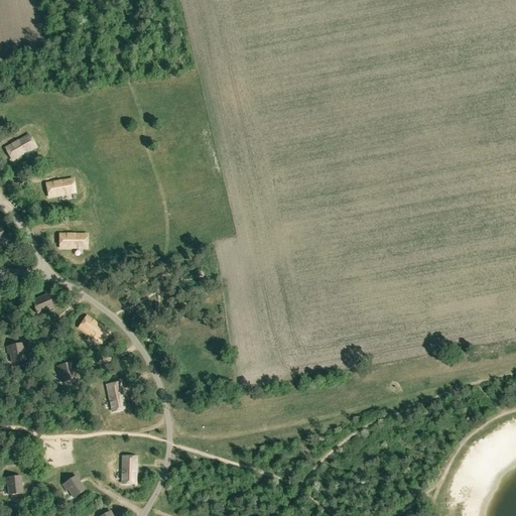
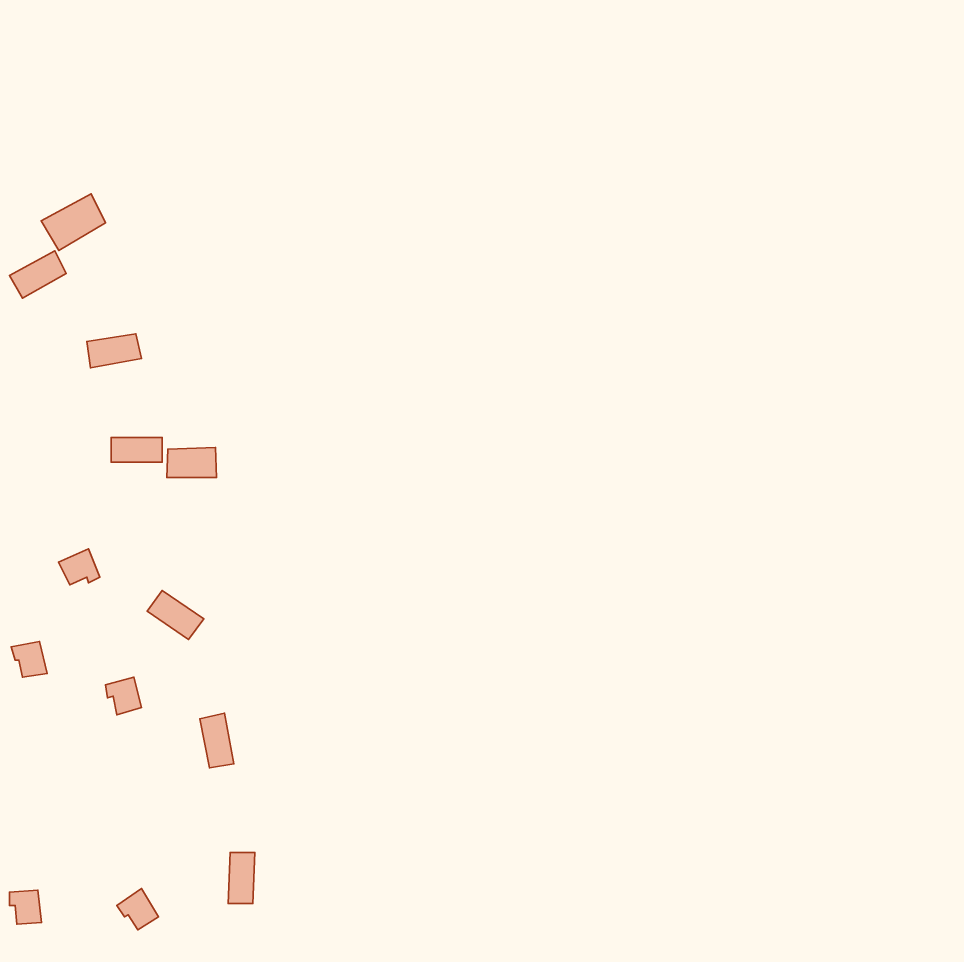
building: none -> [41,194,106,251]
building: none -> [167,447,216,477]

